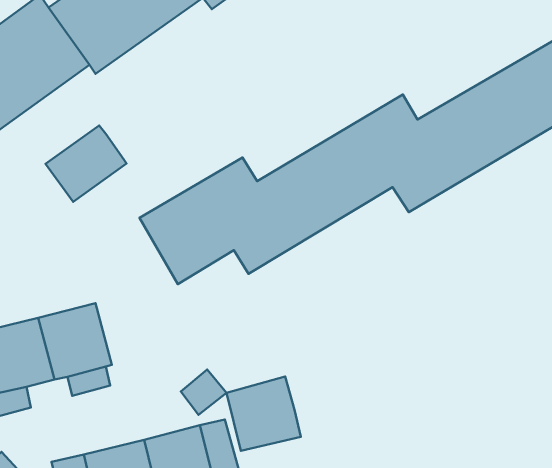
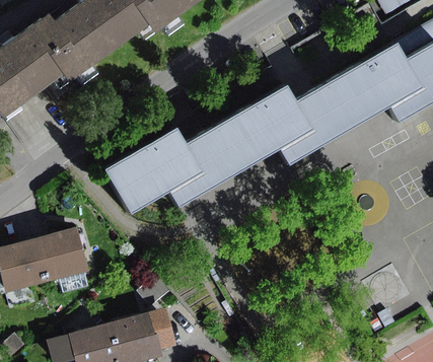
building: [46,126,127,202] -> none
building: [226,376,301,451] -> none

